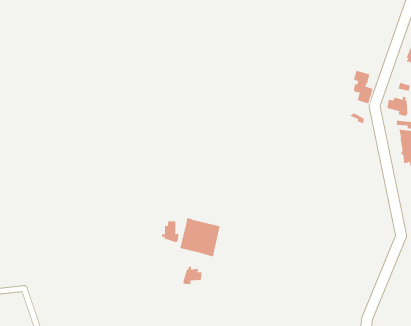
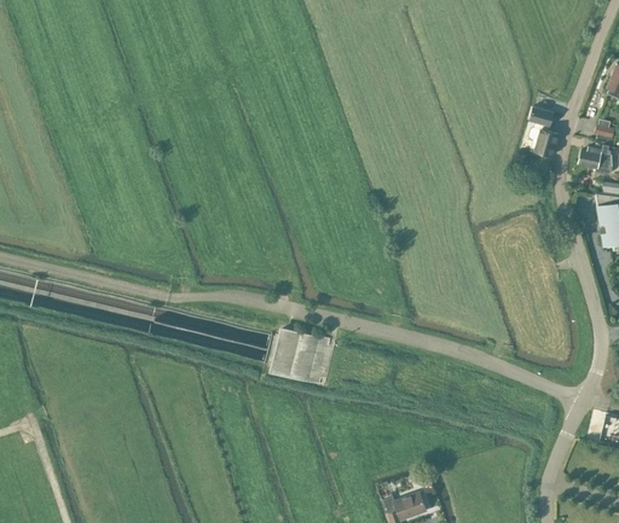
building: [162,221,179,243] -> none
building: [182,266,202,285] -> none

